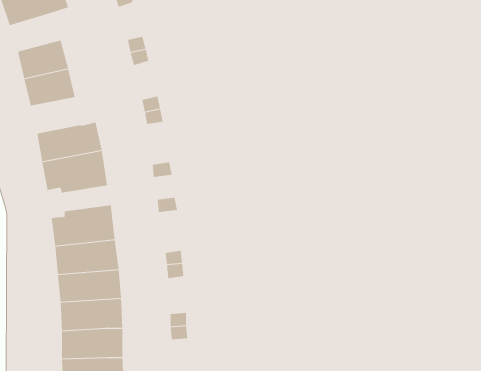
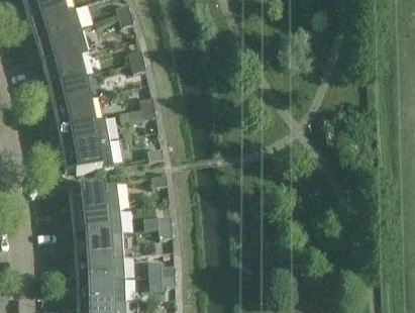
building: none -> [35,25,88,60]
building: none -> [51,95,92,123]

